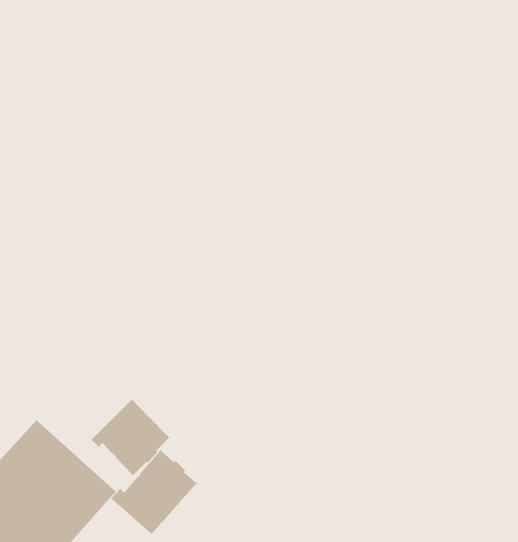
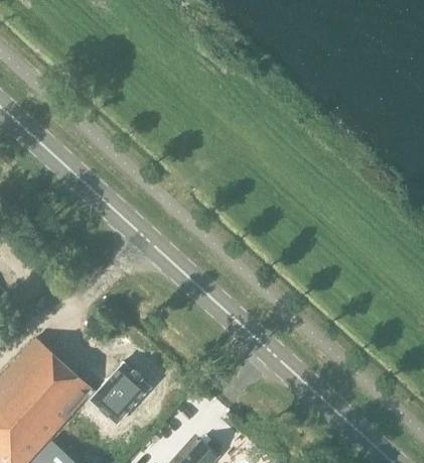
building: [90,399,171,477] -> none

